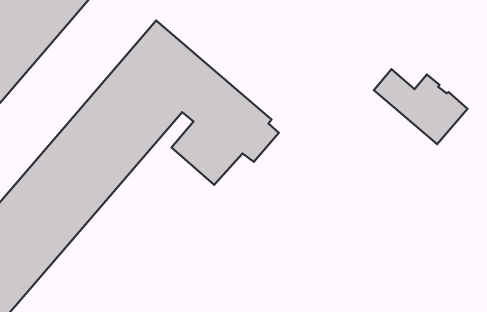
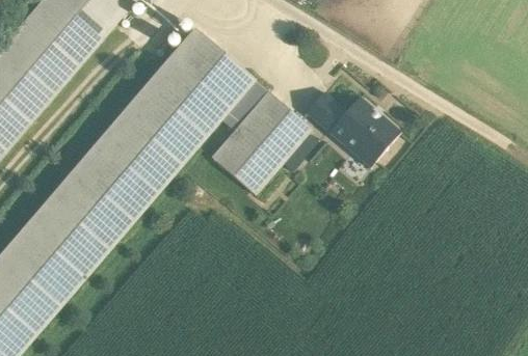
building: [374,69,467,144] -> [306,91,399,166]

